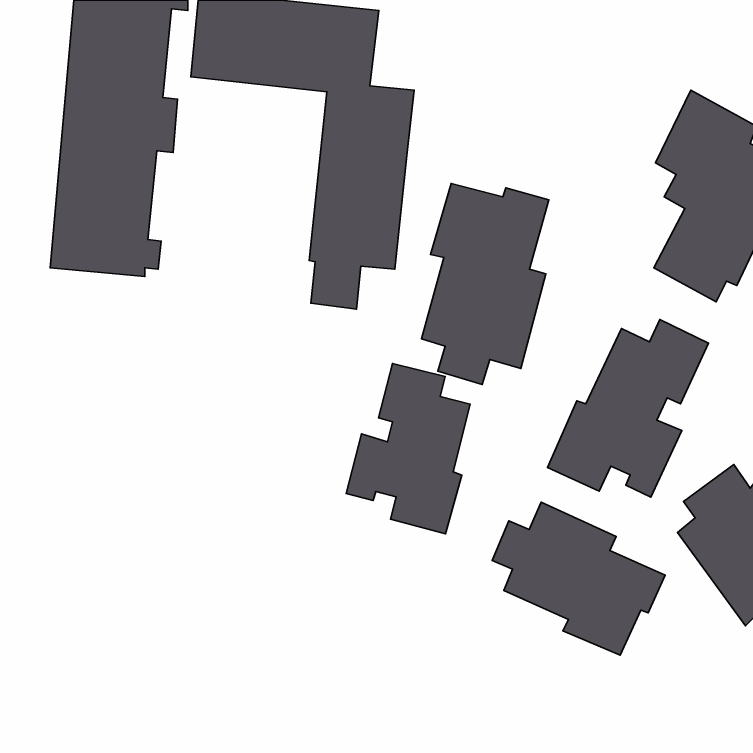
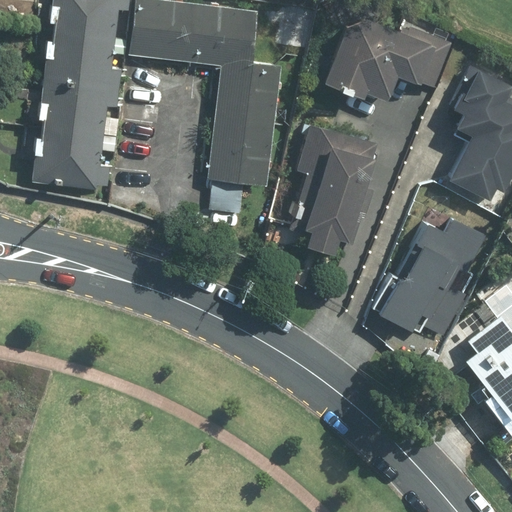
building: none -> [320,6,456,109]
building: [346,364,470,534] -> none
building: [492,502,665,655] -> none

